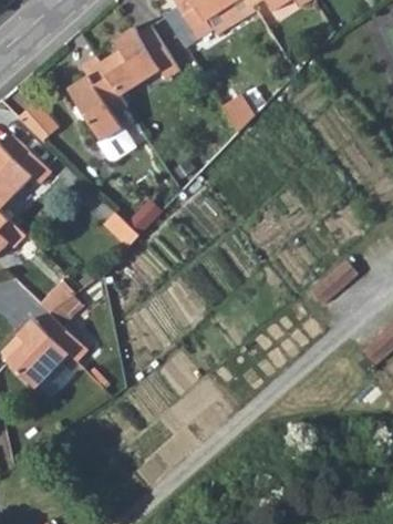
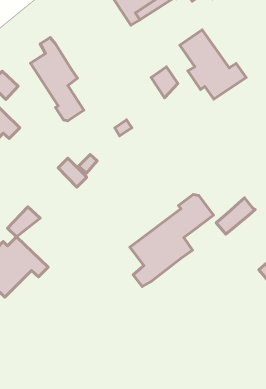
building: [101,29,182,100] -> none
building: none -> [180,30,246,99]
building: none -> [130,194,213,286]

